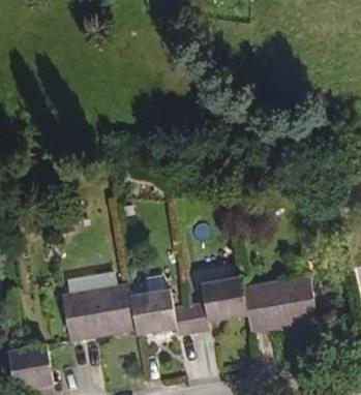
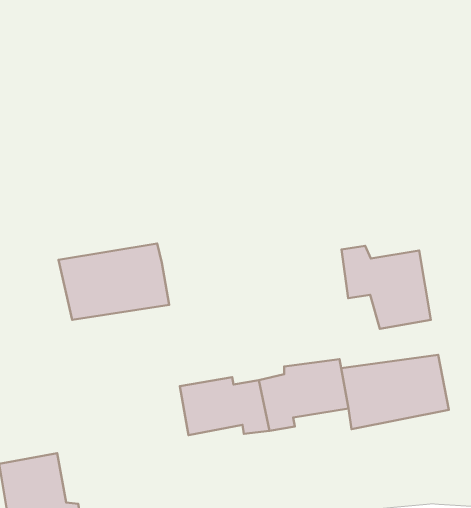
building: none -> [342,246,431,329]
building: [60,284,137,337] -> [59,244,169,320]

